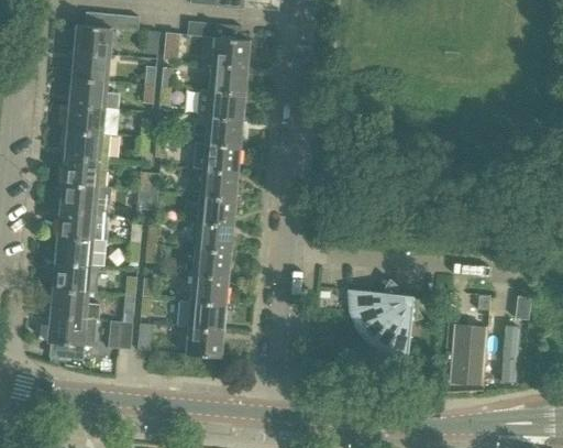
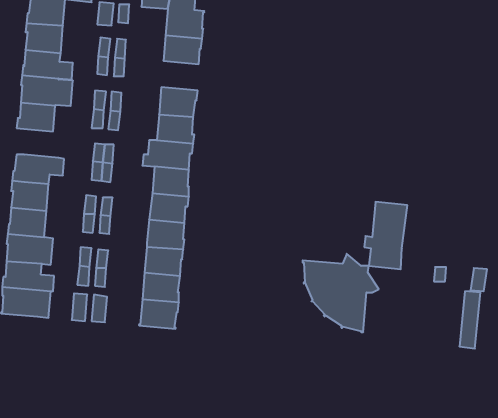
building: [207,90,244,120] -> none
building: [63,157,108,187] -> none
building: [445,317,488,384] -> [364,202,407,269]

